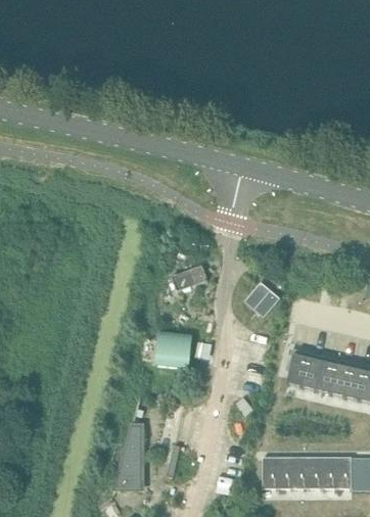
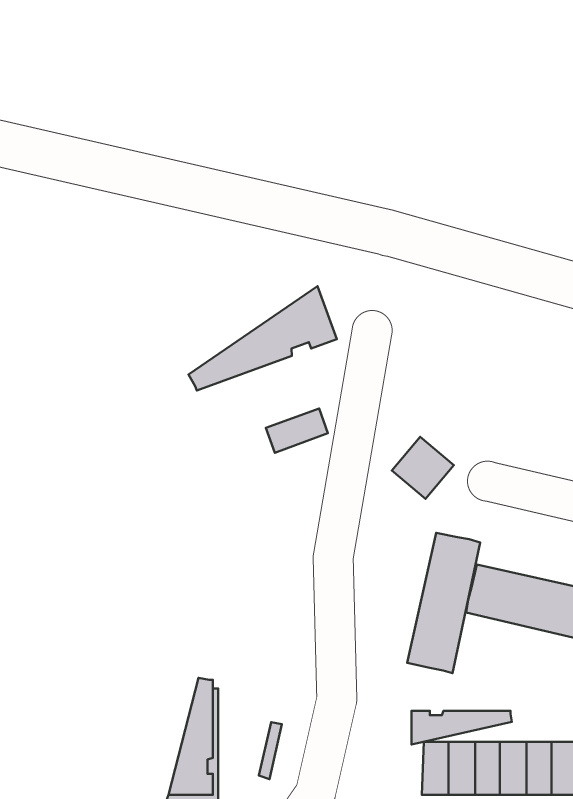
building: none -> [188,286,337,391]
building: [156,330,192,367] -> none
building: none -> [407,533,480,673]
building: none -> [412,711,512,745]

